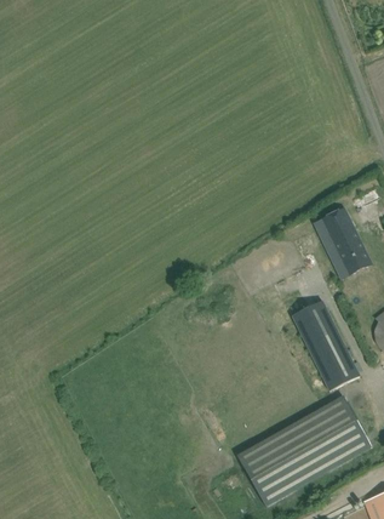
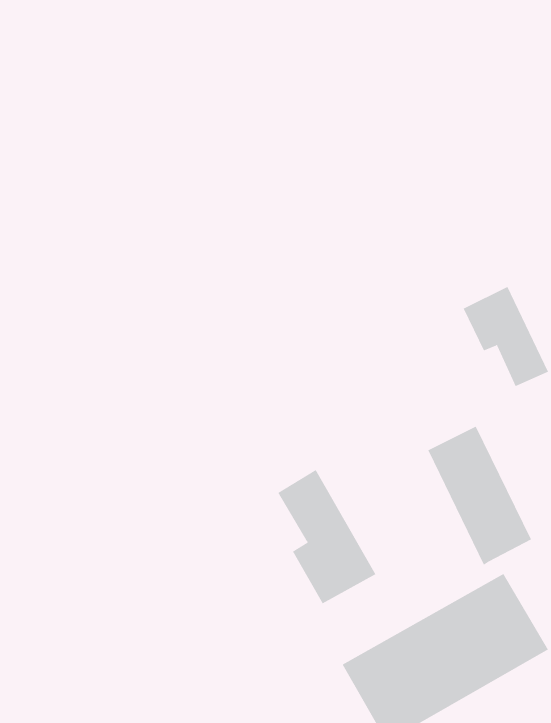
building: none -> [277,469,376,604]

